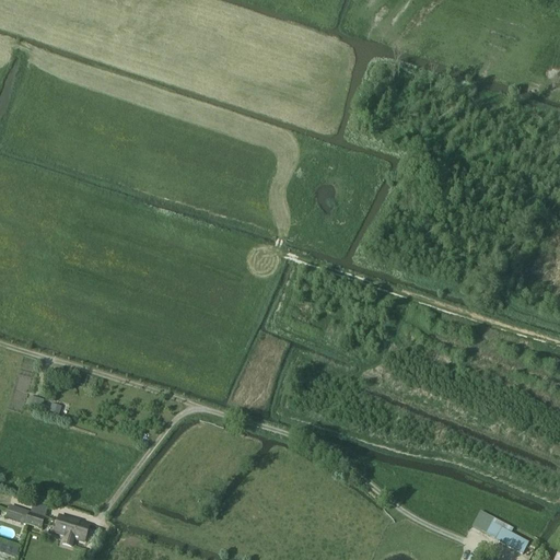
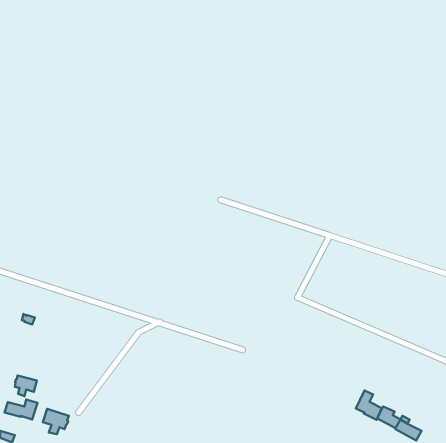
building: none -> [15,375,37,396]
building: none -> [356,390,382,420]

